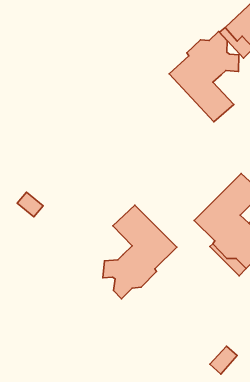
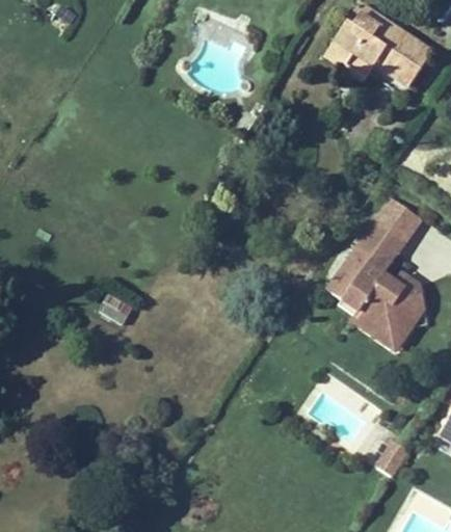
building: [169,32,239,122] -> none
building: [103,205,177,299] -> none

